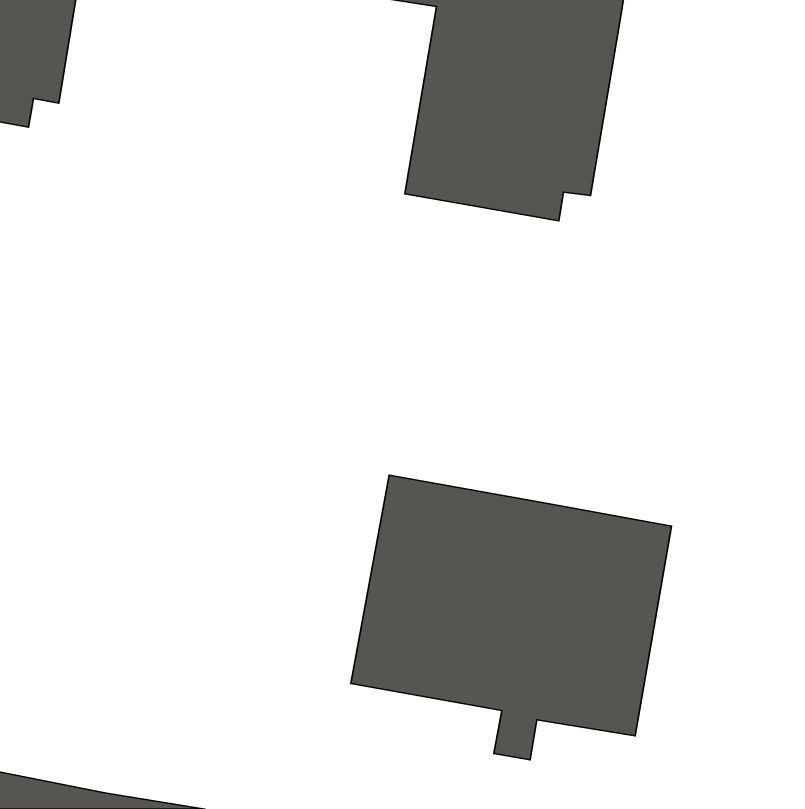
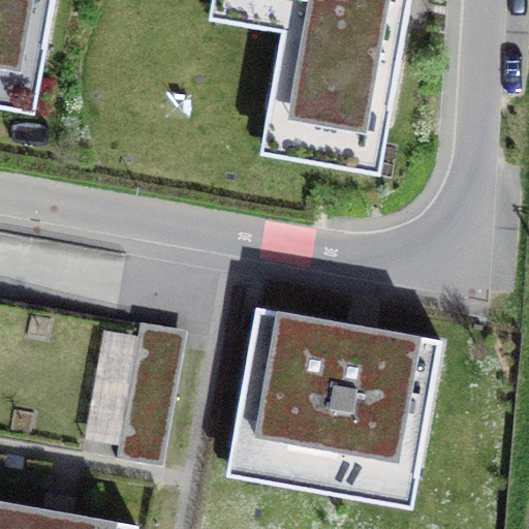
building: none -> [112,321,185,467]

